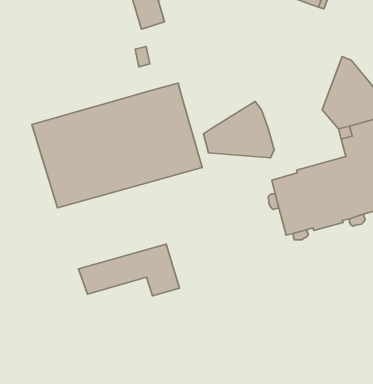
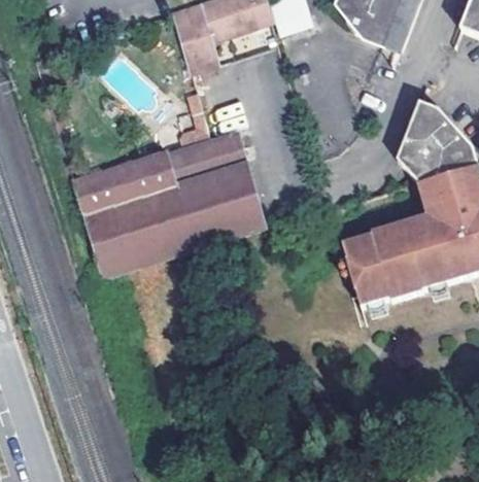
building: [204,101,274,158] -> none
building: [78,244,180,296] -> none

